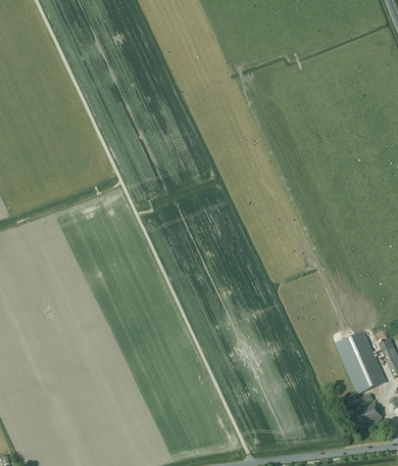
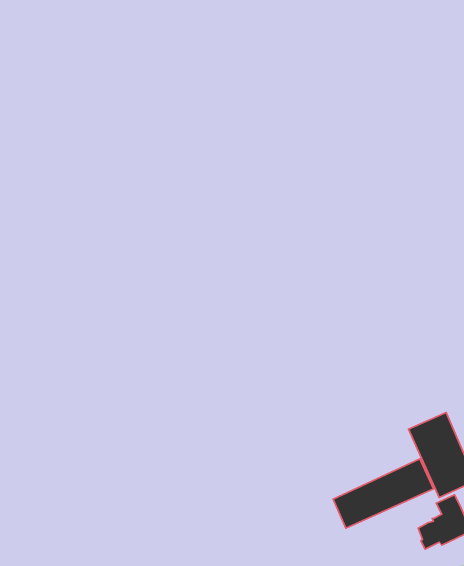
building: none -> [333,459,434,528]

